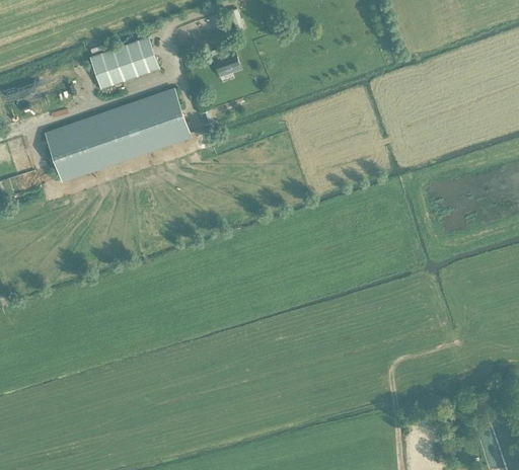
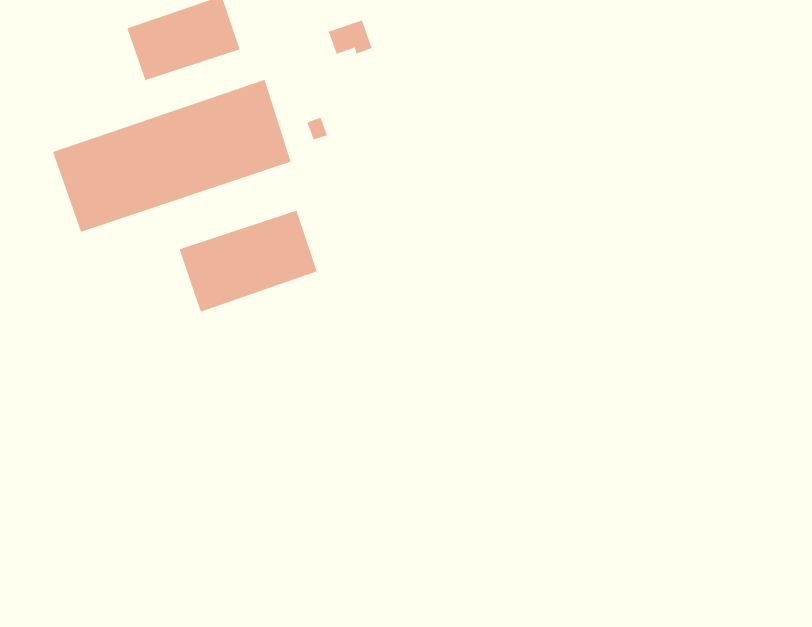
building: none -> [179,210,317,312]

